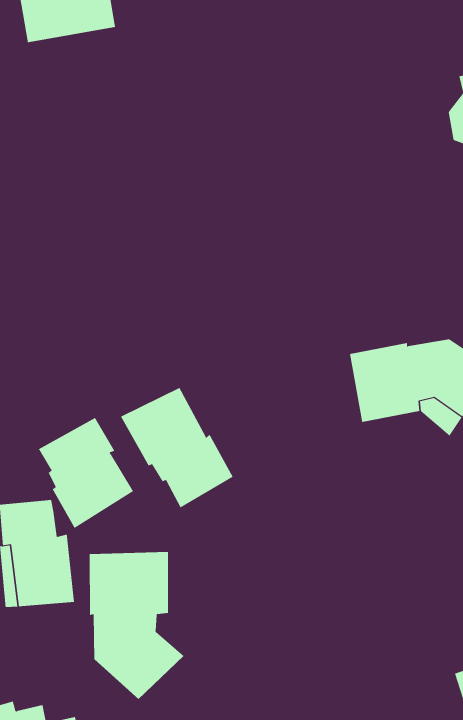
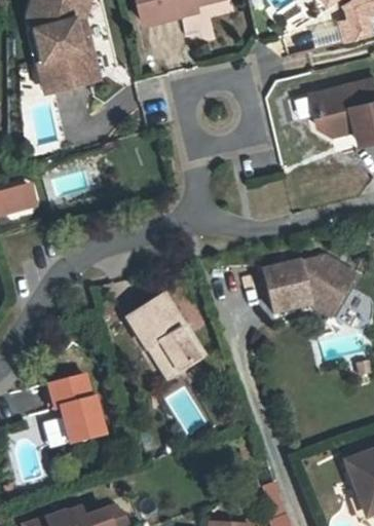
building: [38,417,134,529] -> none
building: [89,551,184,700] -> none

